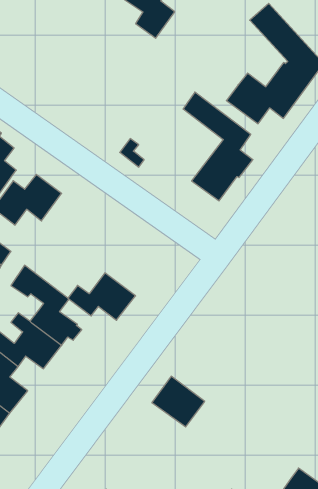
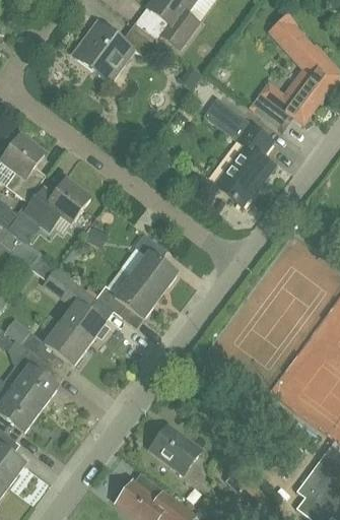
building: none -> [73,21,157,77]
building: none -> [132,235,178,297]
building: [152,376,205,427] -> [149,426,200,474]

